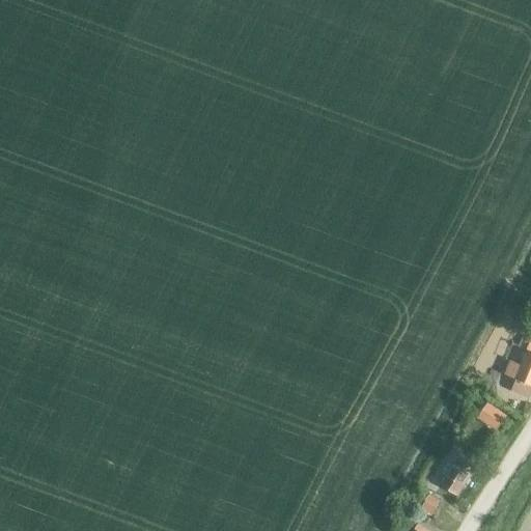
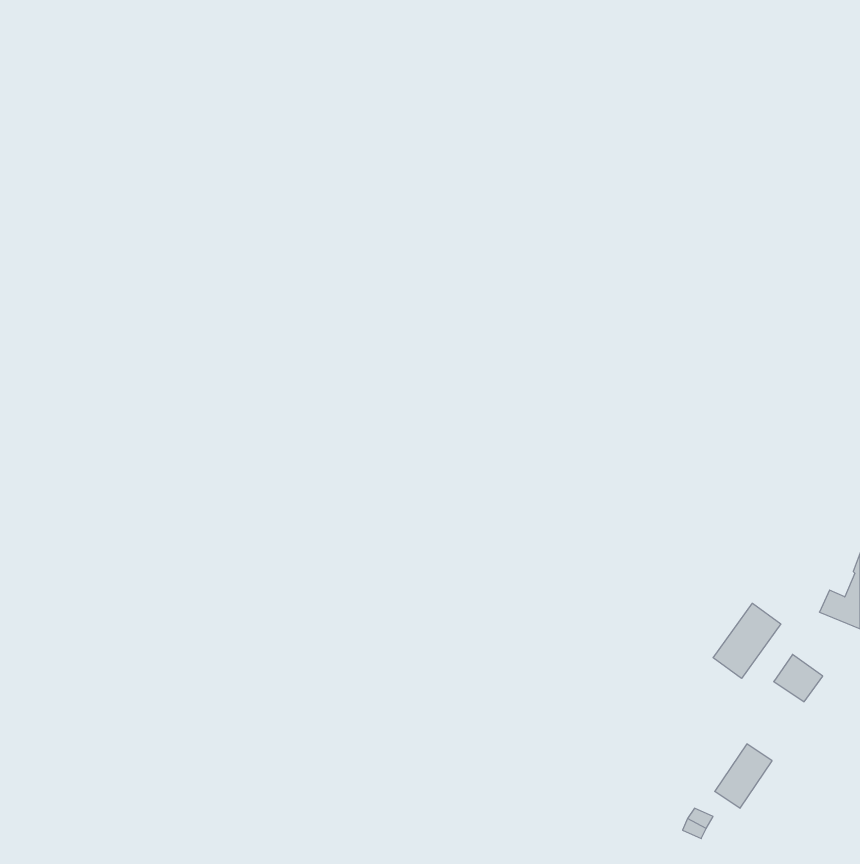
building: none -> [713,603,781,678]

